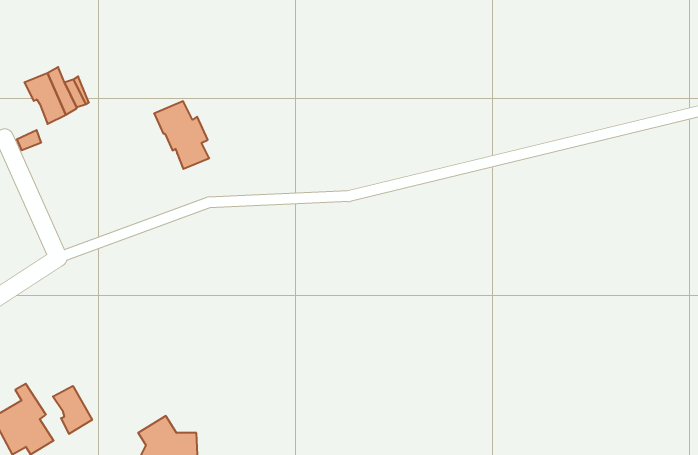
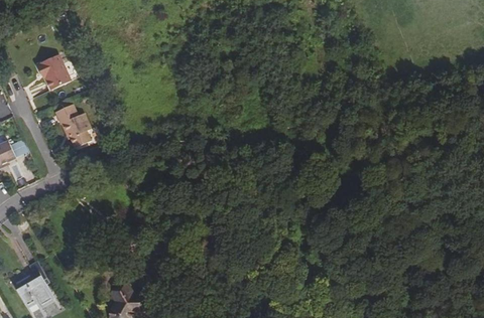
building: [154,101,209,169] -> [54,104,91,148]
building: [53,386,92,434] -> none

